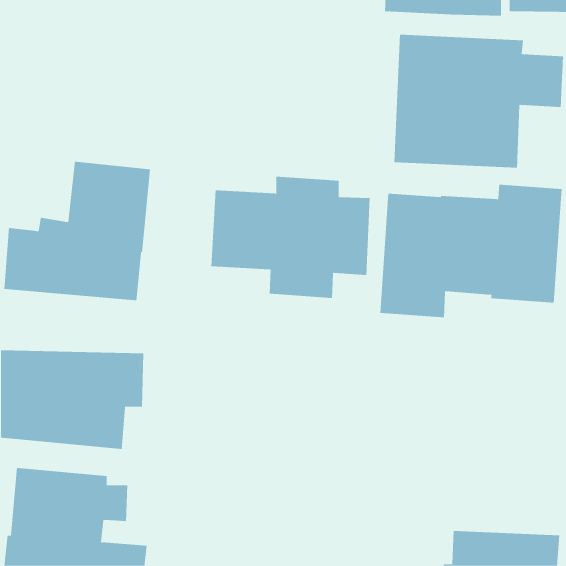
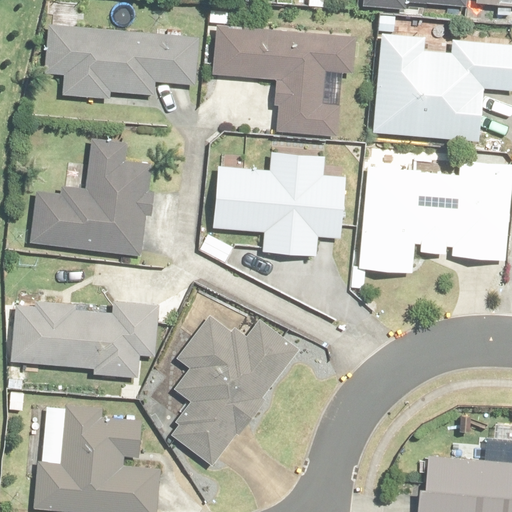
building: none -> [32,27,189,107]
building: none -> [200,28,343,134]
building: none -> [155,322,291,472]

